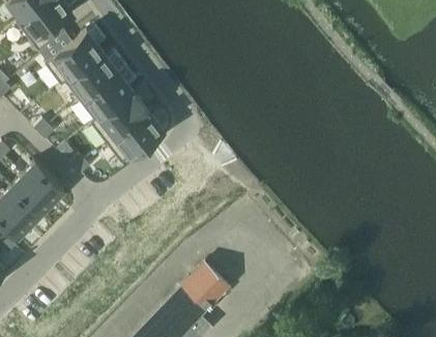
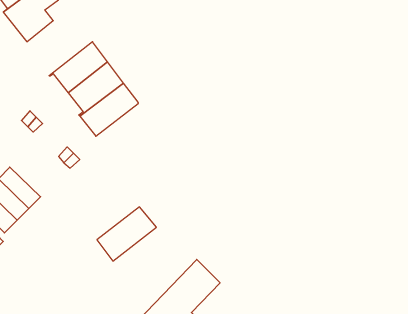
building: [46,30,104,83] -> none
building: [107,110,165,162] -> [97,207,156,261]
building: [23,159,64,201] -> none

